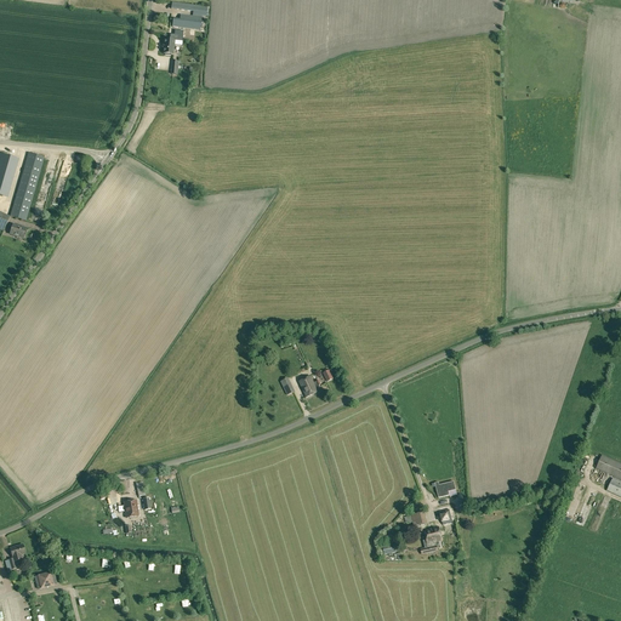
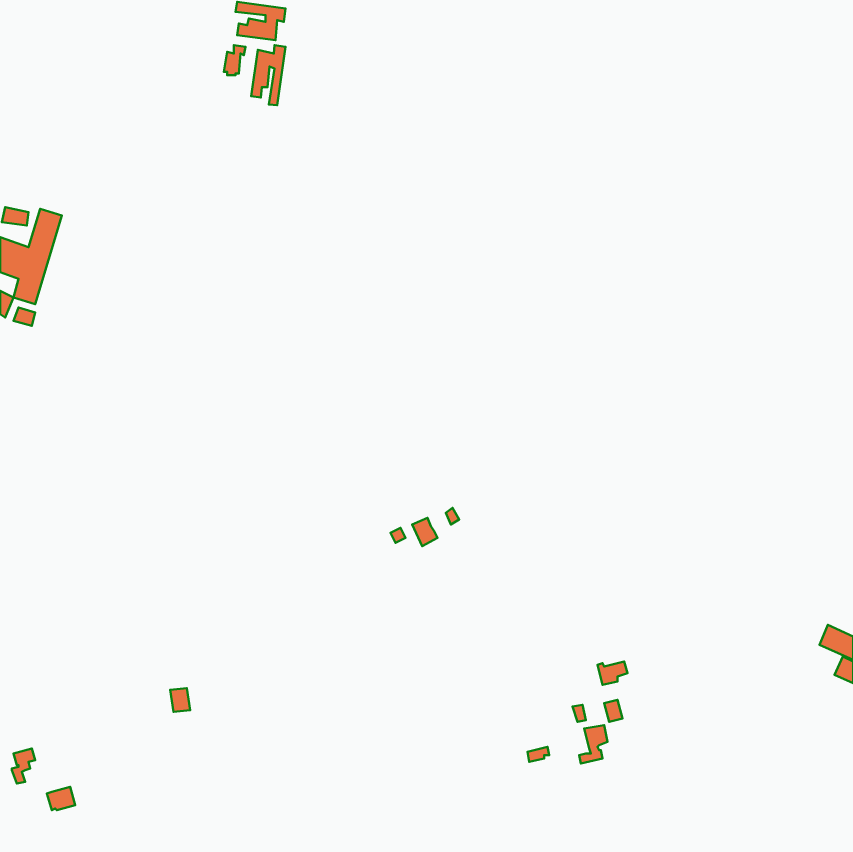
building: none -> [251,45,285,105]

